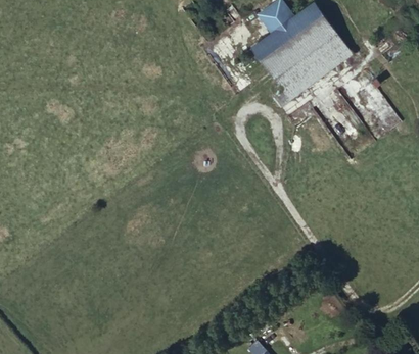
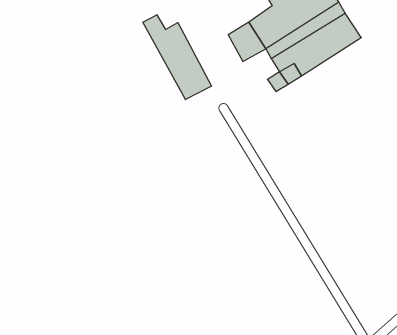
building: none -> [143,15,211,100]

